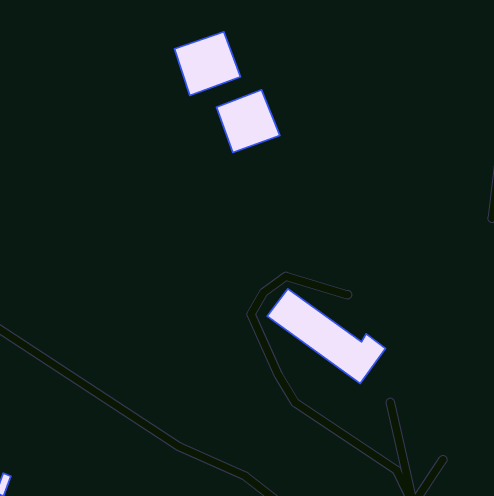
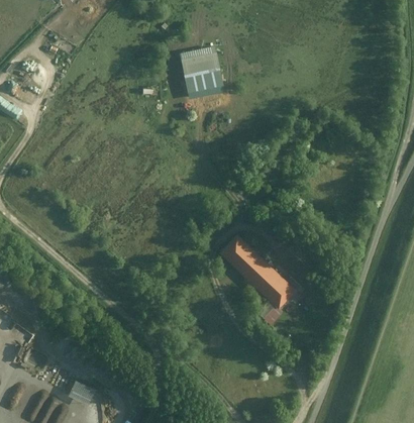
building: [216,90,280,152] -> none

